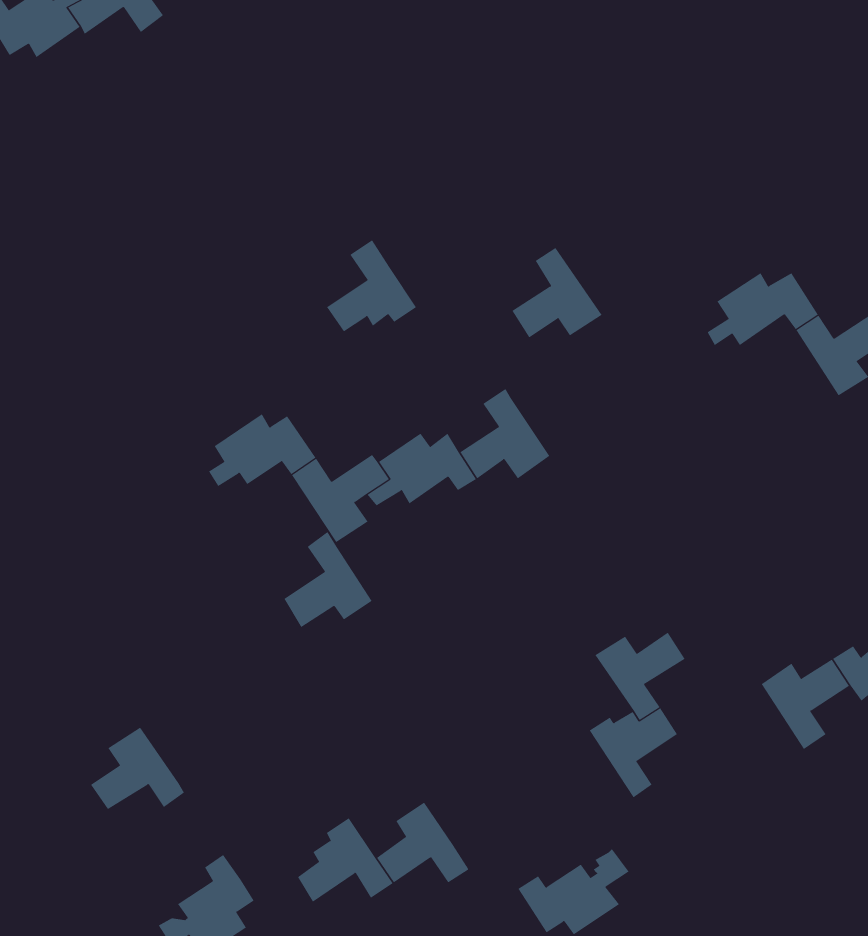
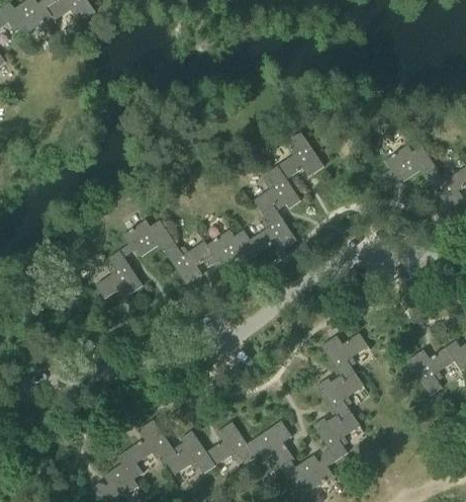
building: [326,240,417,332] -> [253,165,300,214]
building: [284,531,372,628] -> [95,249,142,300]
building: [90,727,185,810] -> [126,419,176,463]
building: none -> [312,413,359,458]
building: none -> [247,420,294,468]

